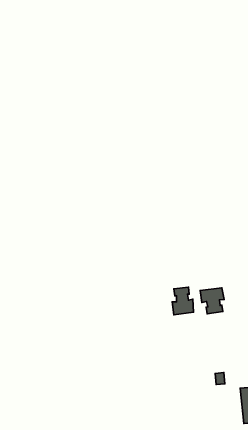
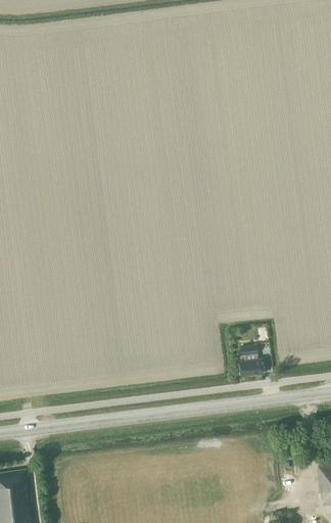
building: [200,288,224,314] -> none

